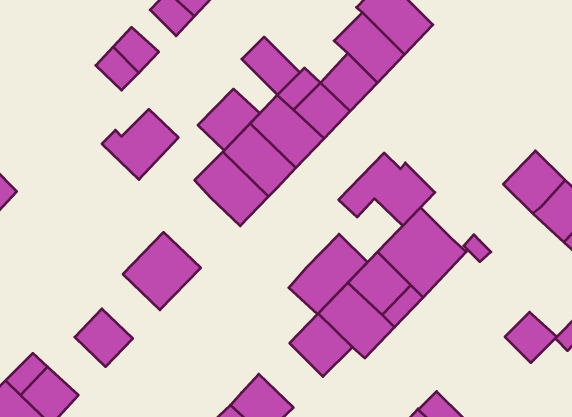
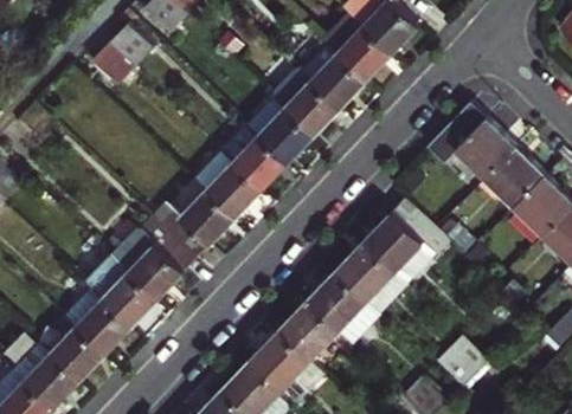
building: [242,37,300,95] -> none
building: [198,89,260,151] -> none
building: [102,109,178,180] -> [159,190,232,258]
building: [339,153,435,226] -> [423,108,515,177]
building: [289,234,368,314] -> none
building: none -> [94,264,155,325]
building: [505,312,557,363] -> [439,339,489,388]
building: none -> [47,324,103,380]
building: none -> [250,330,311,392]

